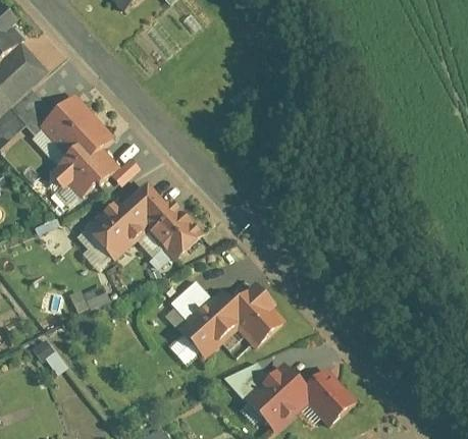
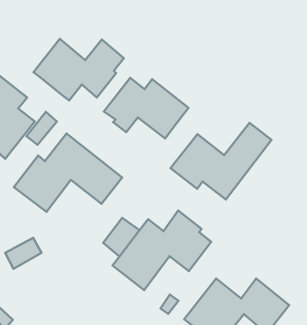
building: none -> [33,39,124,101]
building: none -> [104,78,188,139]
building: none -> [171,123,272,199]

